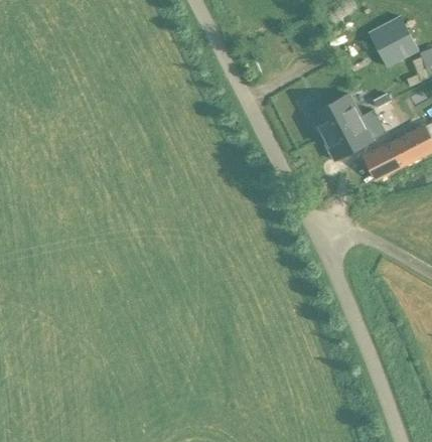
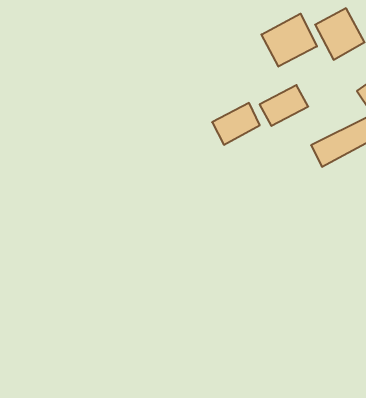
building: none -> [261,14,317,67]
building: [324,116,374,159] -> [212,103,260,145]

